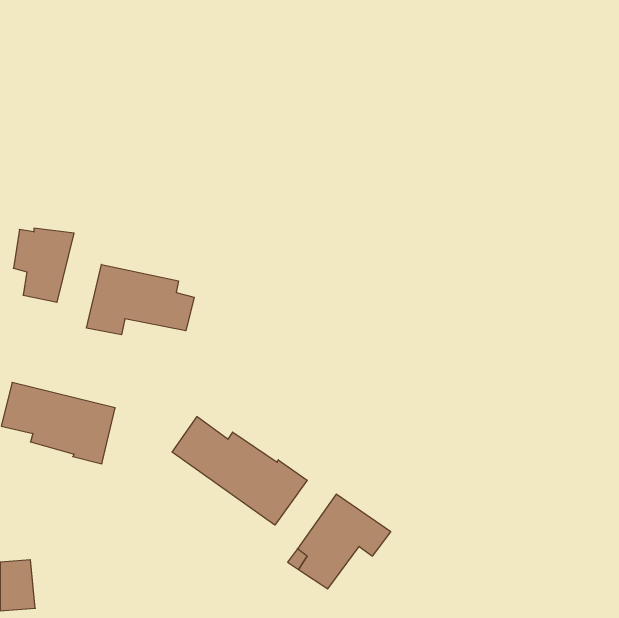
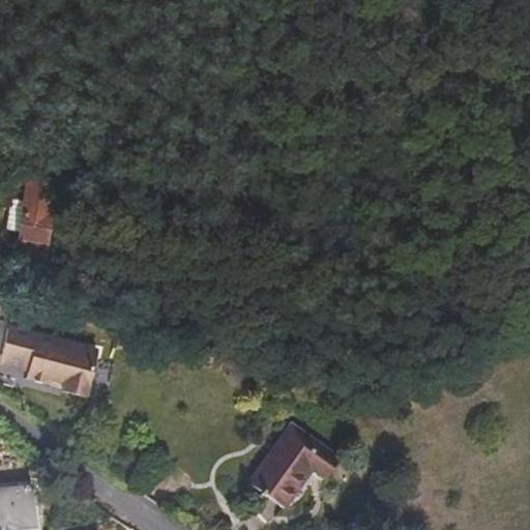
building: [87,264,194,335] -> none
building: [172,417,307,525] -> none

